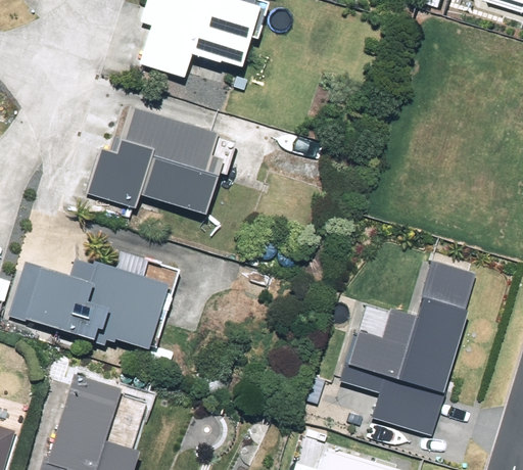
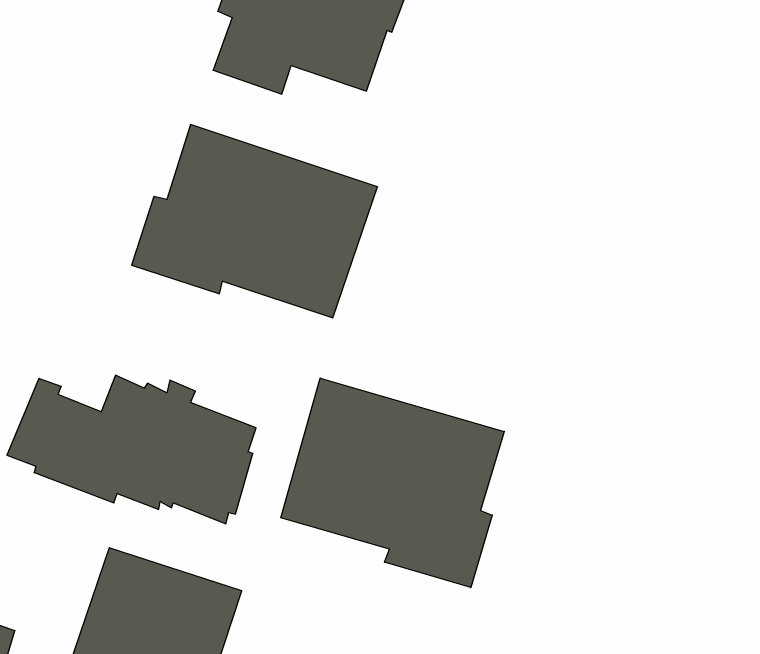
building: [336,258,478,433] -> none
building: none -> [281,378,504,588]

